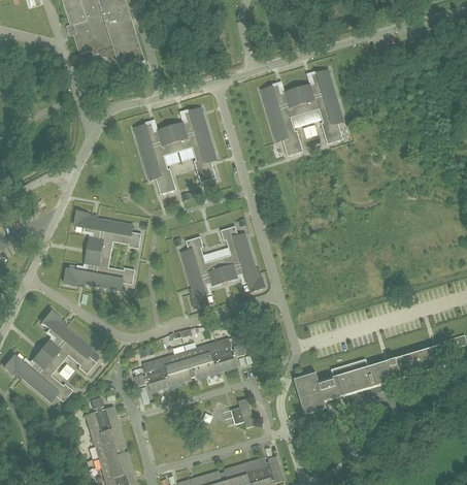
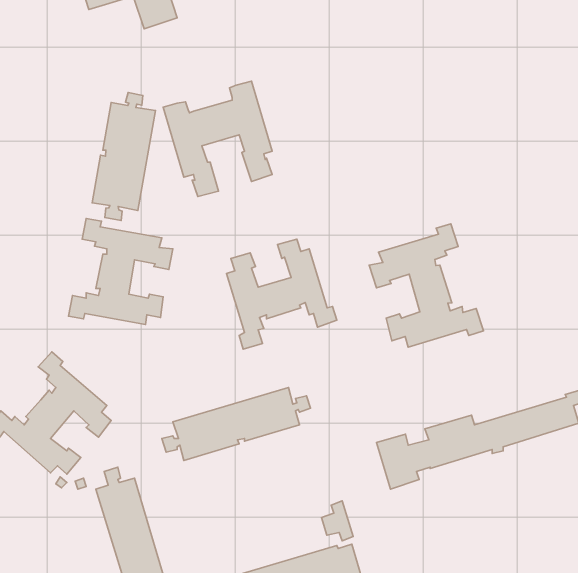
building: [261,69,342,156] -> none
building: none -> [92,93,155,221]
building: none -> [369,224,483,347]
building: [230,397,254,427] -> [321,501,353,541]

